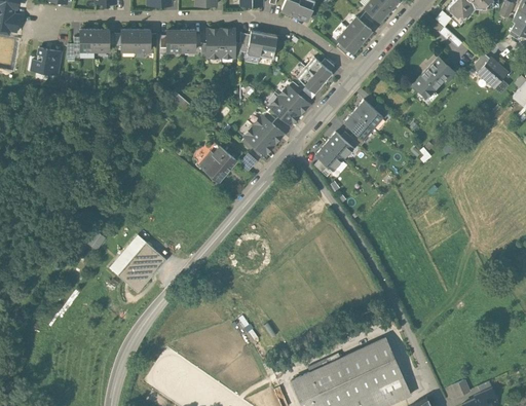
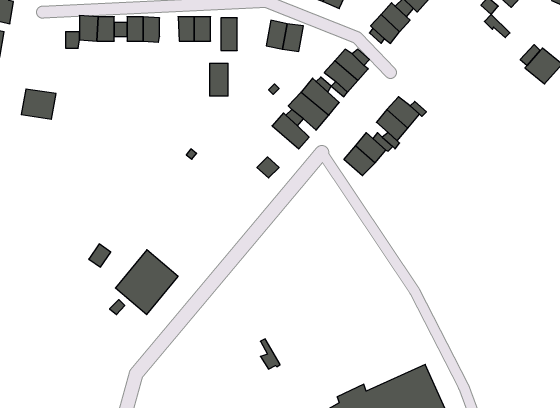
building: [220,30,236,59] -> [210,63,228,96]
building: [32,47,63,74] -> [21,89,56,119]
building: [411,58,451,103] -> none
building: [240,125,274,157] -> none
building: [198,146,234,182] -> none

